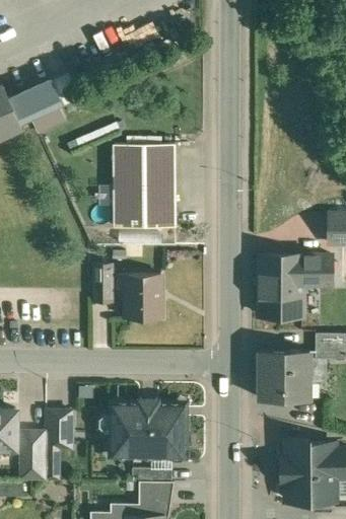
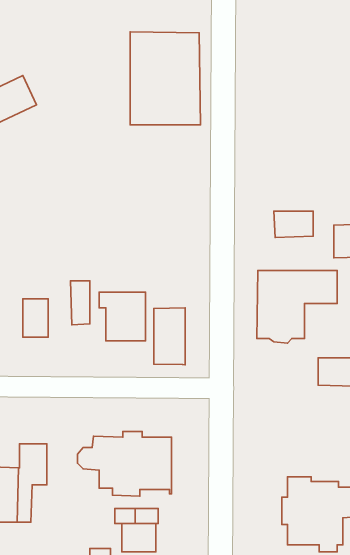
building: [114,145,177,228] -> [130,32,200,125]
building: none -> [274,211,313,237]
building: none -> [23,299,48,337]
building: none -> [154,308,185,365]
building: [259,353,309,400] -> none

